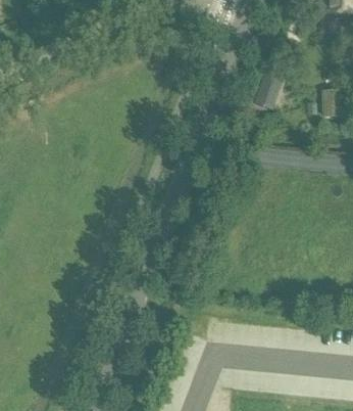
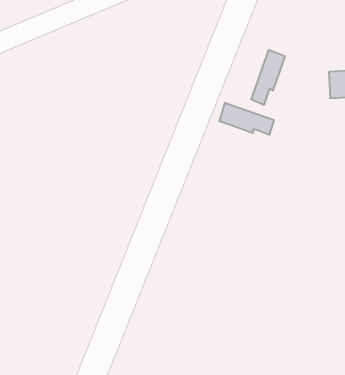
building: none -> [219,103,274,135]

